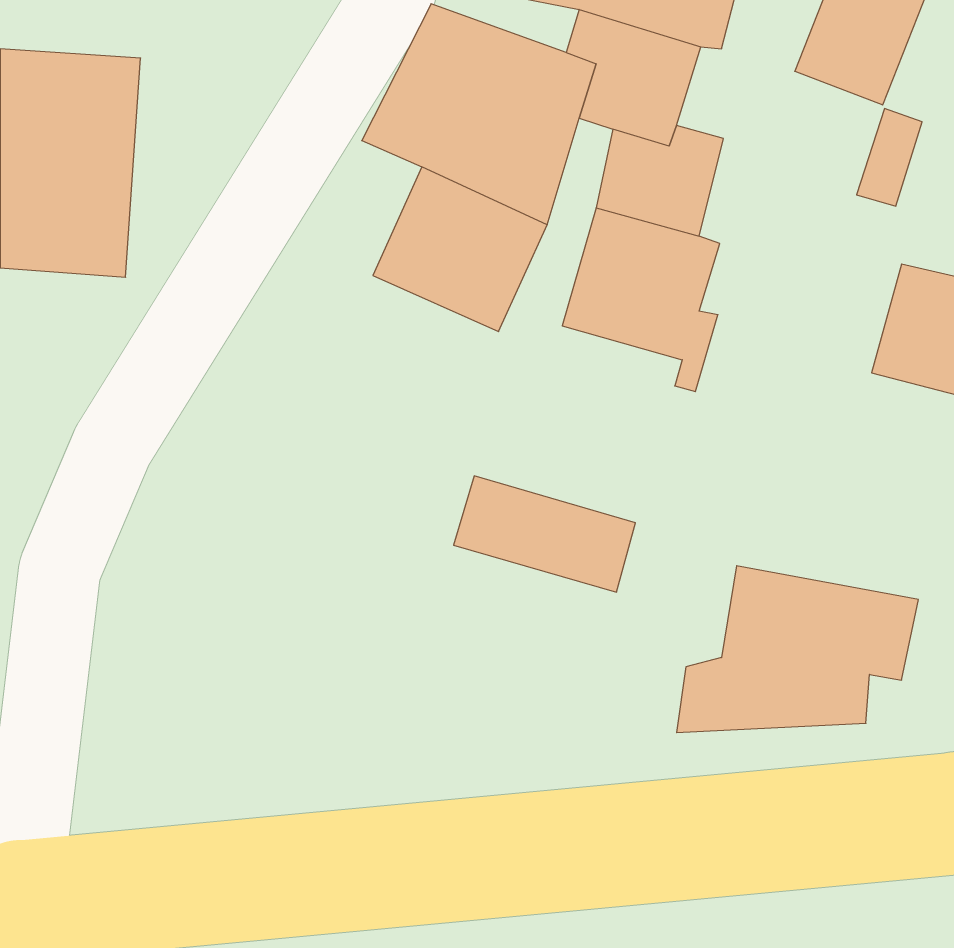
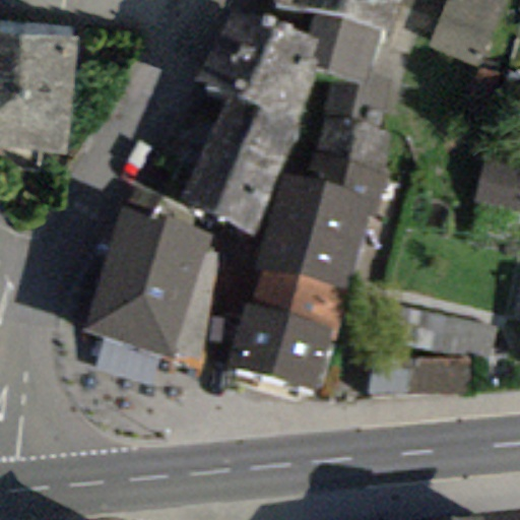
building: none -> [182,149,272,229]
building: none -> [259,170,372,283]
building: none -> [88,206,213,355]
building: none -> [229,296,336,391]

